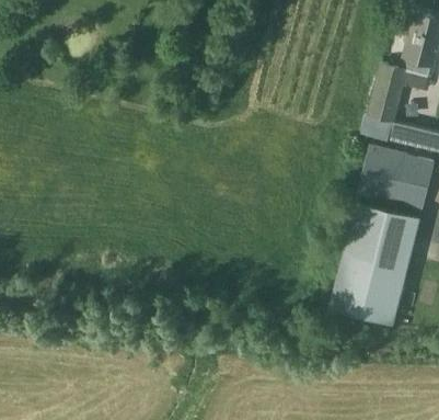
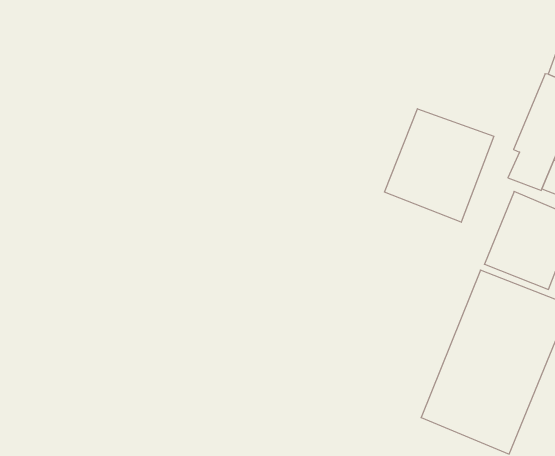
building: none -> [384,109,494,222]

